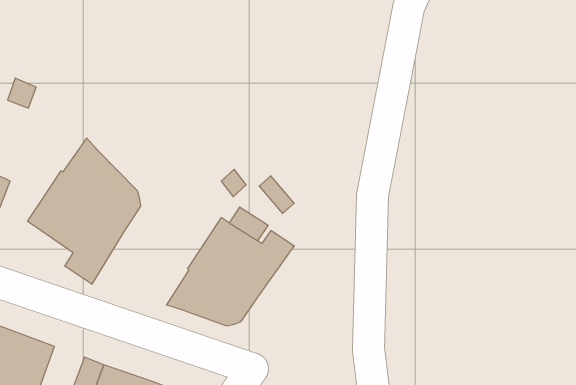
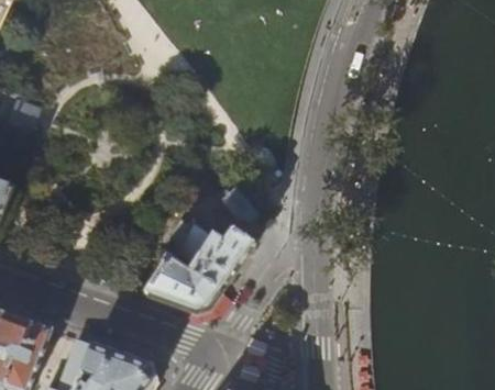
building: [27,138,141,284] -> none

